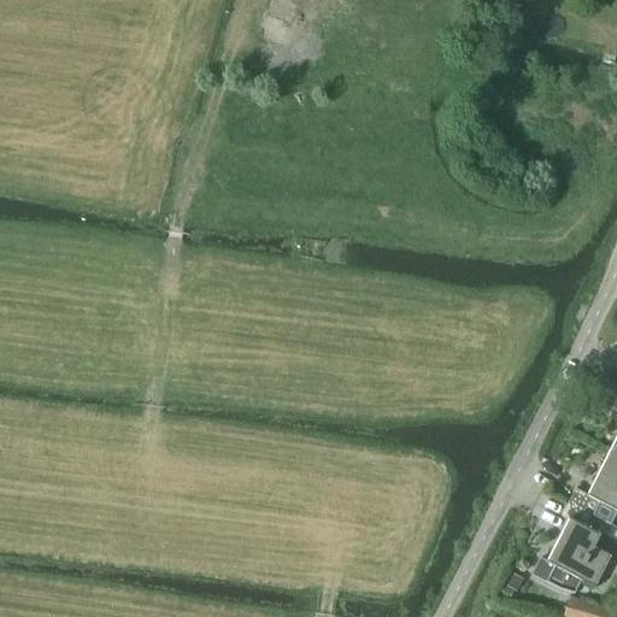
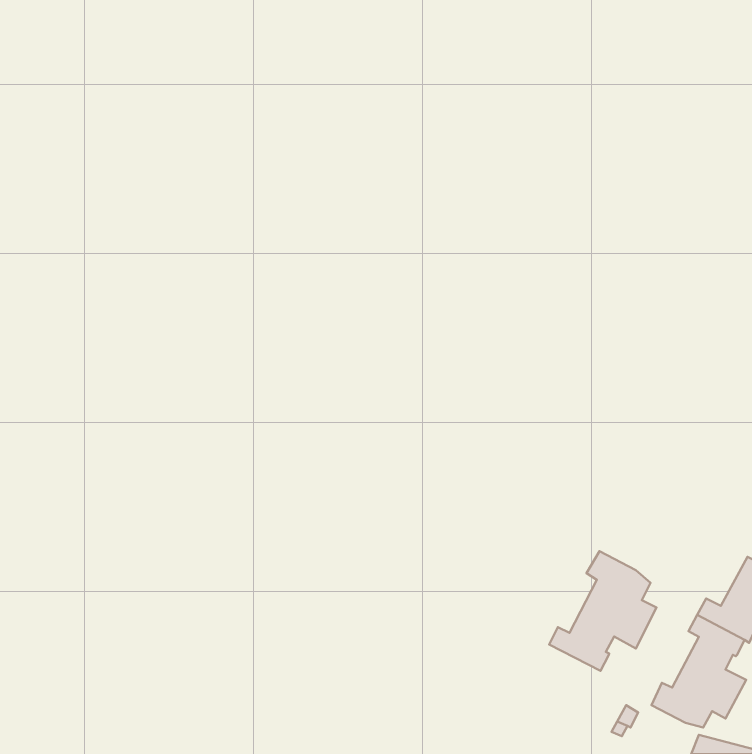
building: none -> [549,551,657,671]

